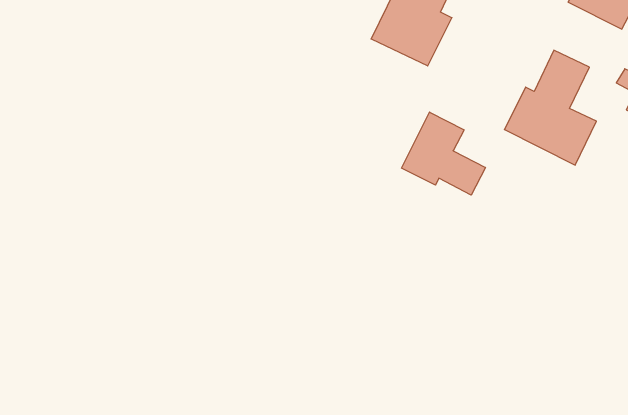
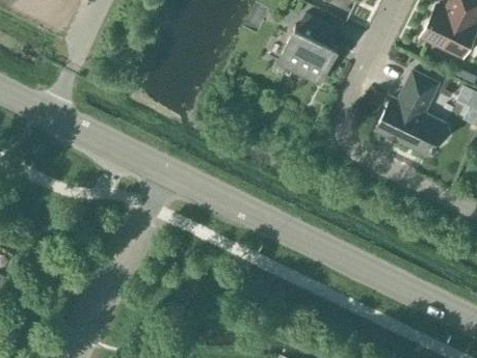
building: [402,112,485,195] -> none

